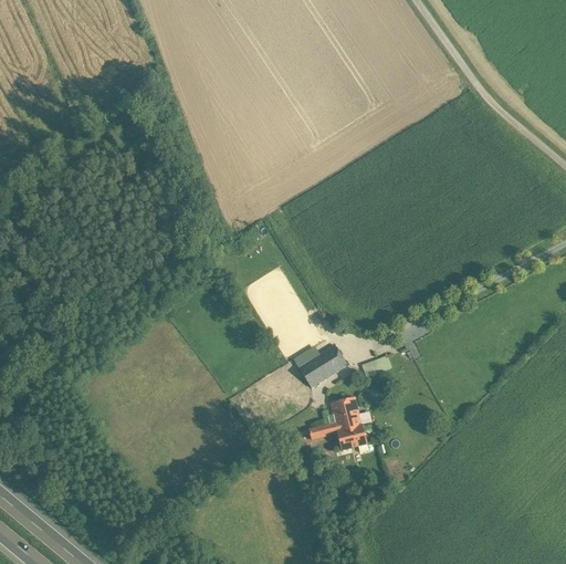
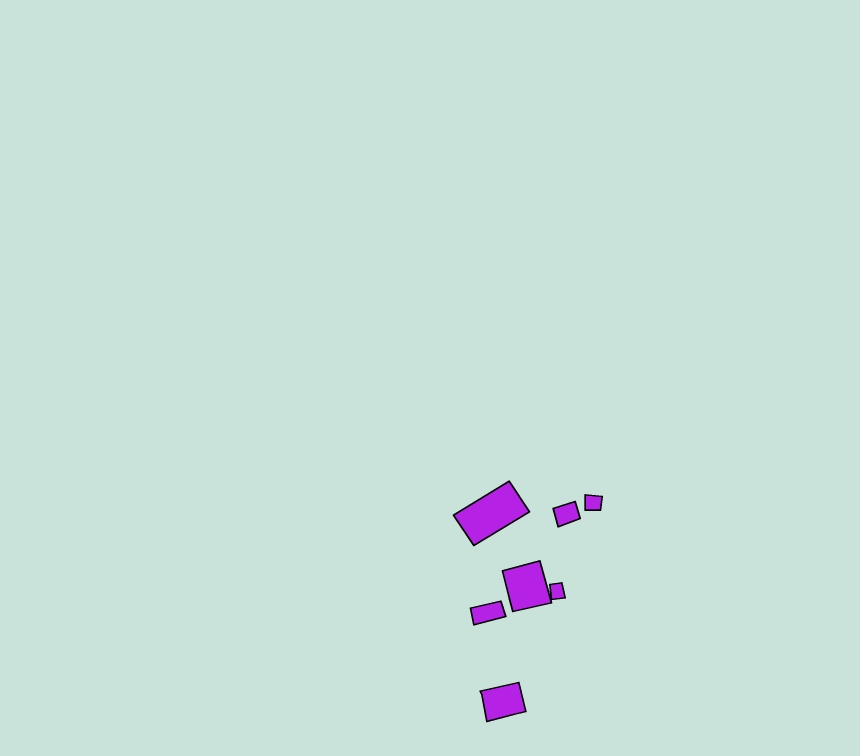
building: [336,425,366,450] -> [480,683,526,721]

